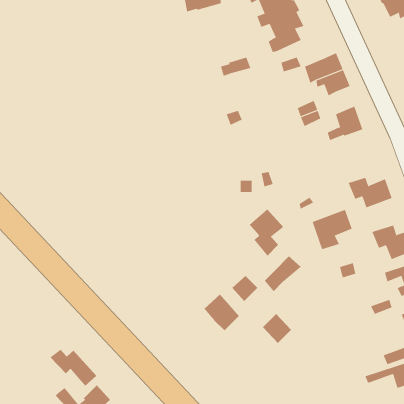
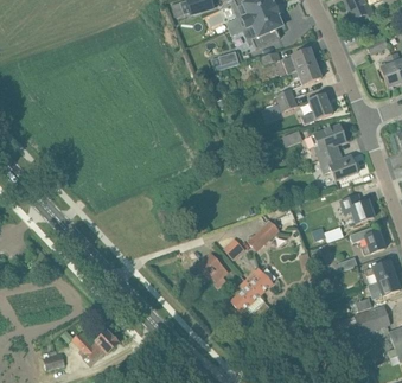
building: [249,209,284,256] -> none
building: [312,209,352,250] -> [311,123,345,158]
building: none -> [231,280,264,312]
building: [49,349,97,387] -> none

